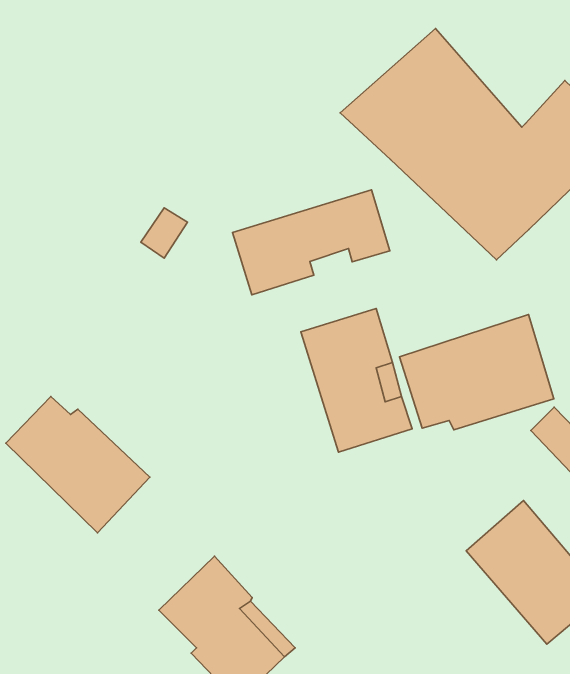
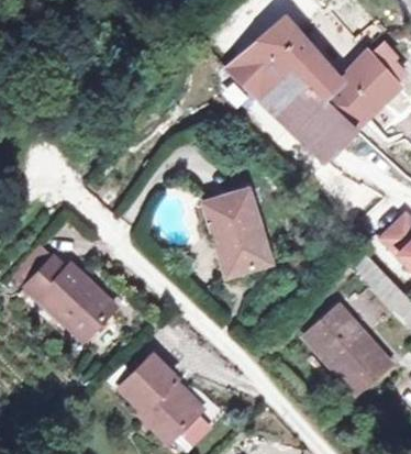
building: [233,190,390,295] -> none
building: [400,315,554,430] -> none

